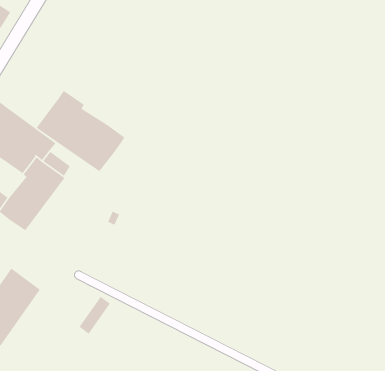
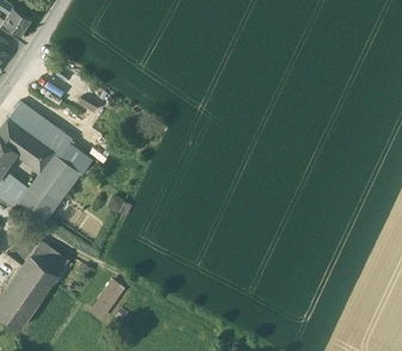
building: [36,89,125,172] -> none
building: none -> [31,241,68,275]

